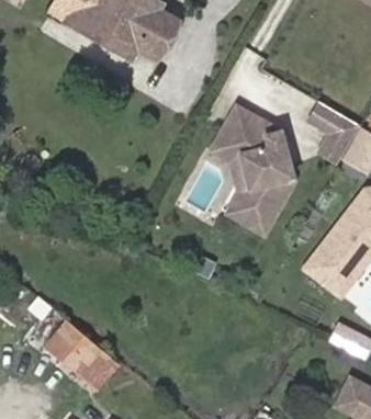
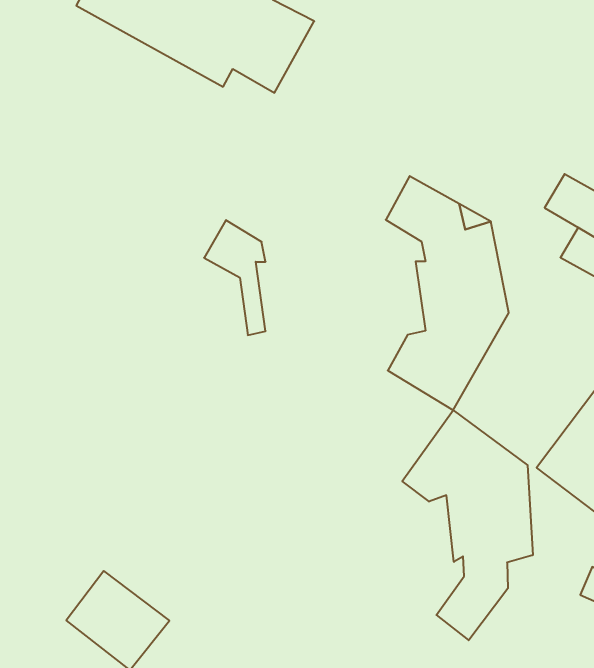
building: [210,129,244,193] -> [204,220,266,335]
building: none -> [402,410,533,640]

